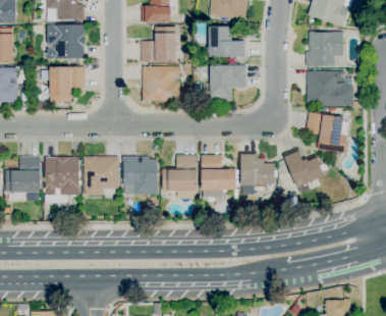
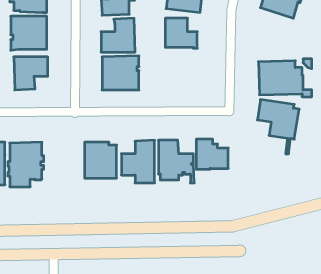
building: [307,32,344,67] -> none
building: [211,65,246,102] -> none
building: [284,149,328,195] -> none
building: [85,157,119,196] -> none

